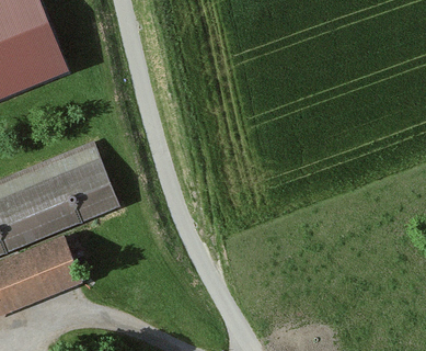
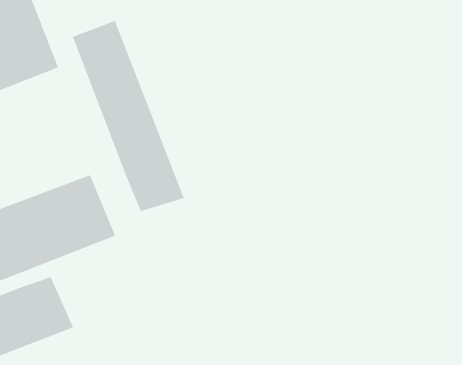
building: none -> [72,20,185,212]

